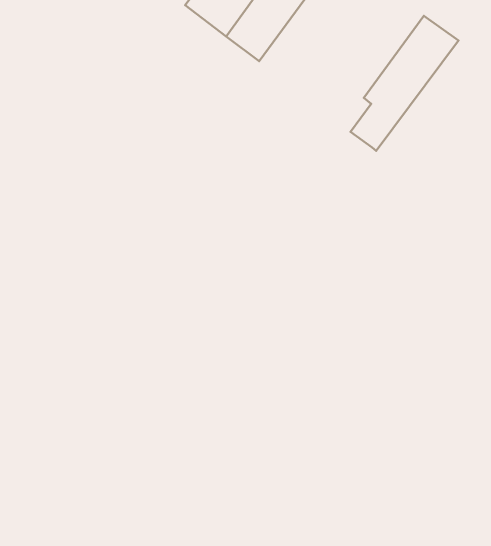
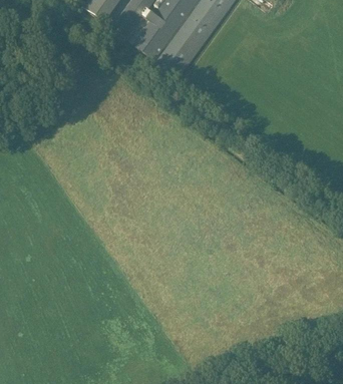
building: [351,16,458,151] -> none

